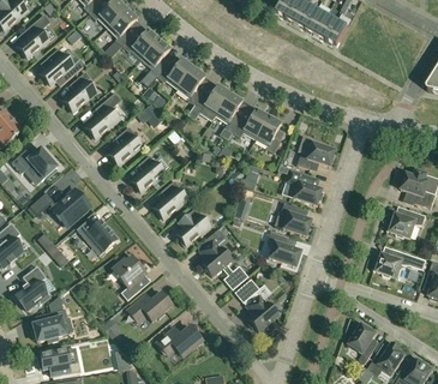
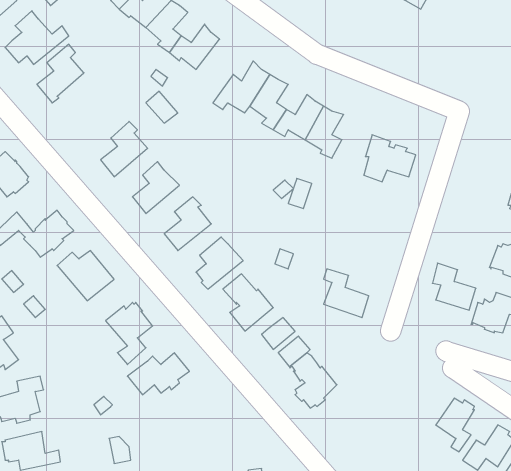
building: [176,67,205,104] -> none
building: [85,91,121,138] -> none
building: [284,169,323,205] -> none
building: [280,202,311,235] -> [432,263,476,310]
building: [156,326,202,356] -> none

